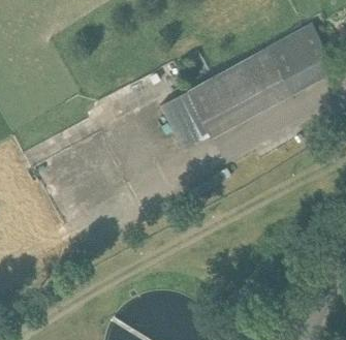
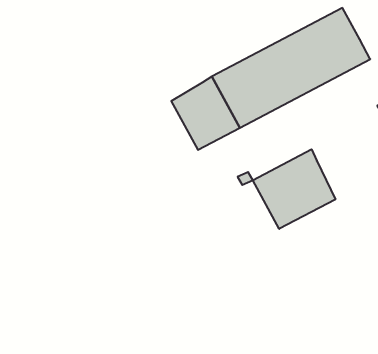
building: none -> [253,149,335,229]

